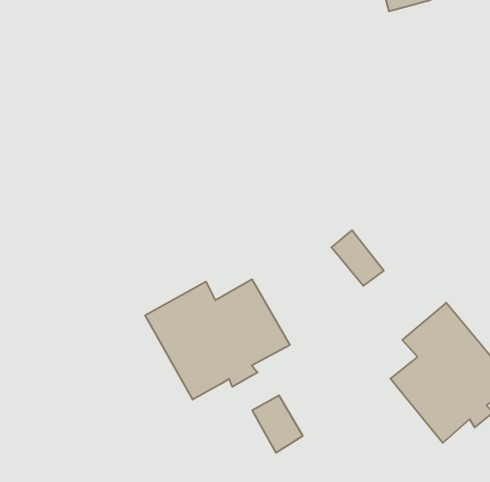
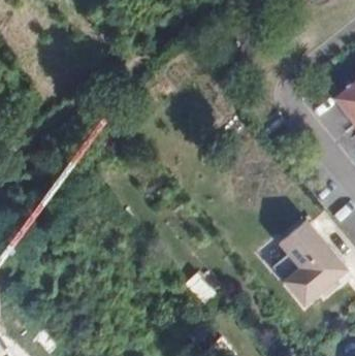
building: [145,279,290,400] -> none

